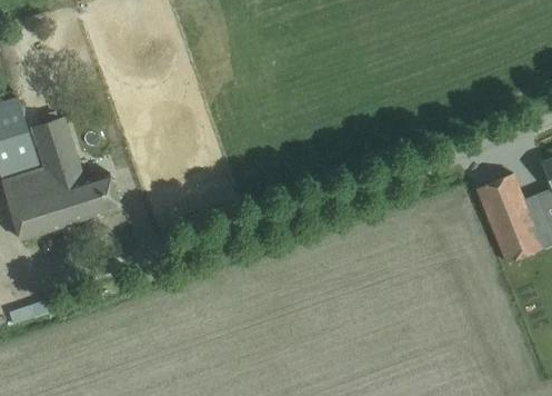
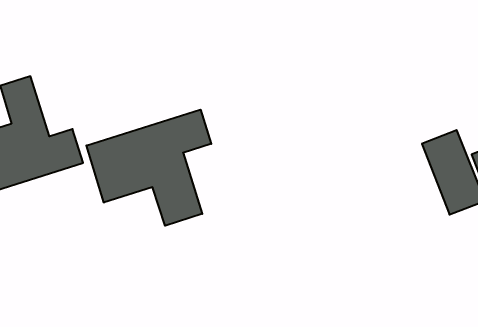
building: none -> [86,110,211,226]

